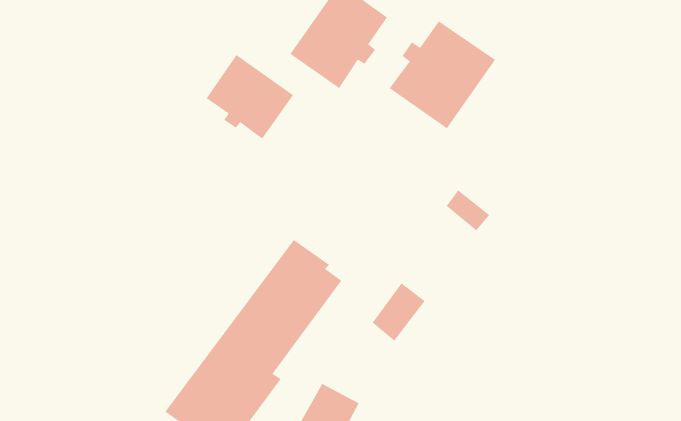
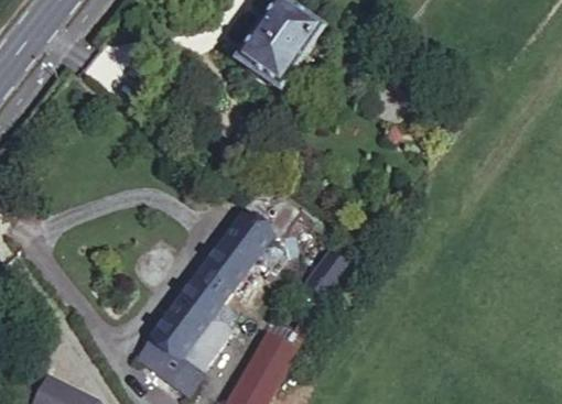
building: [389,20,496,129] -> none
building: [206,54,294,139] -> none

